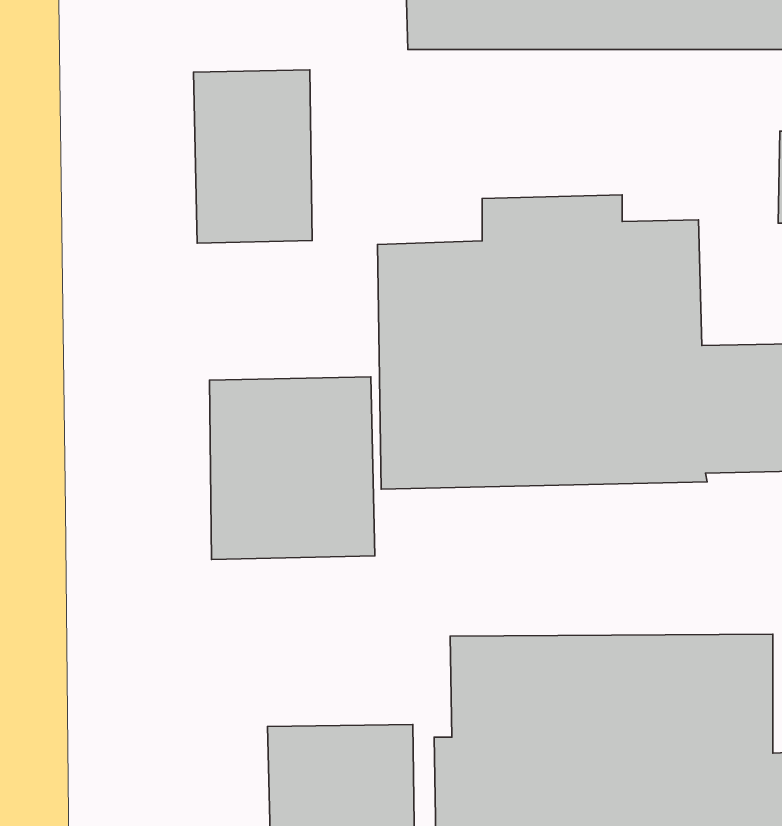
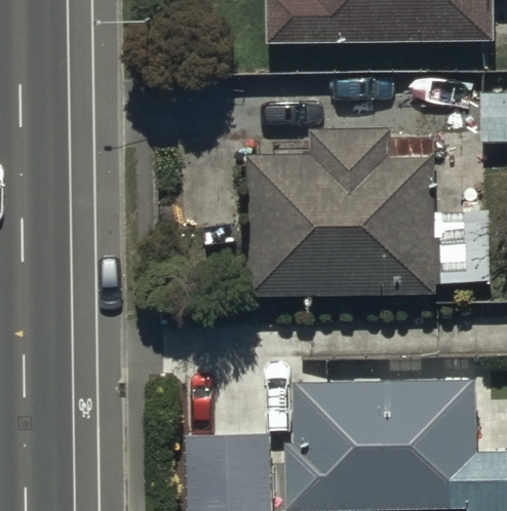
building: [193,70,312,243] -> none
building: [209,377,375,560] -> none

